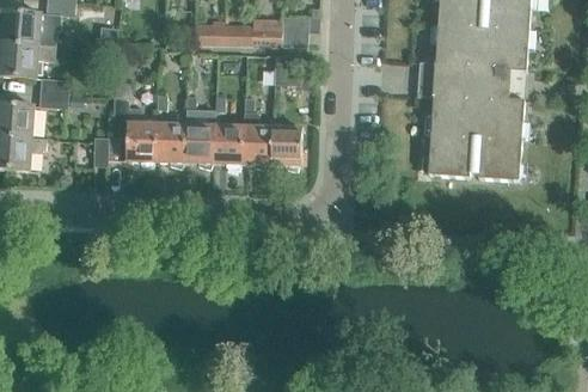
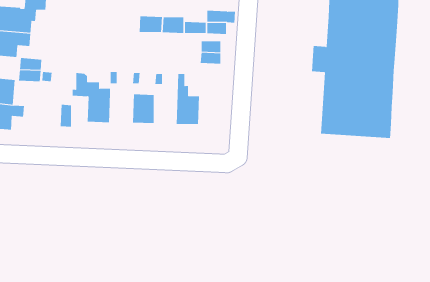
building: [157,121,186,159] -> none
building: [214,123,243,161] -> none
building: [271,124,302,163] -> none

